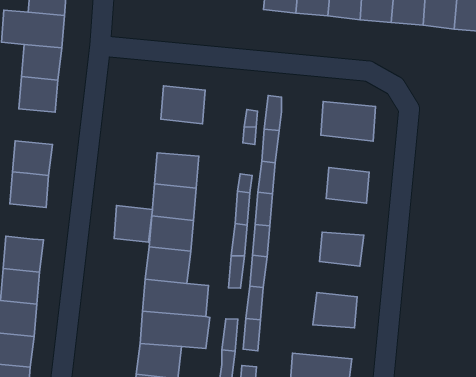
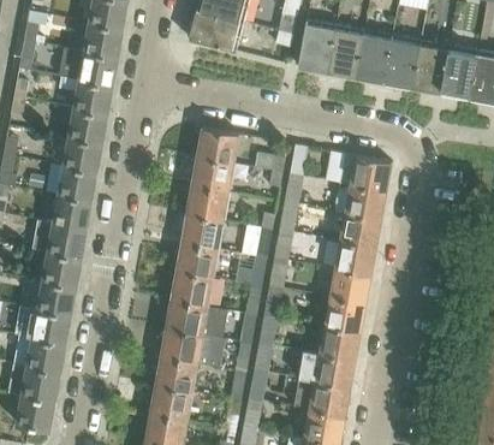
building: none -> [63,137,101,172]
building: none -> [190,158,233,194]
building: none -> [333,184,386,221]
building: none -> [333,242,375,278]
building: none -> [47,222,85,257]
building: [114,206,152,242] -> none
building: none -> [323,298,364,333]
building: none -> [297,351,355,388]

